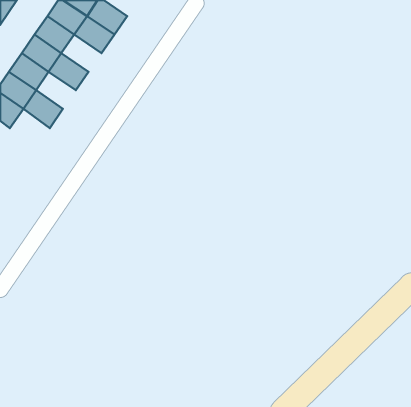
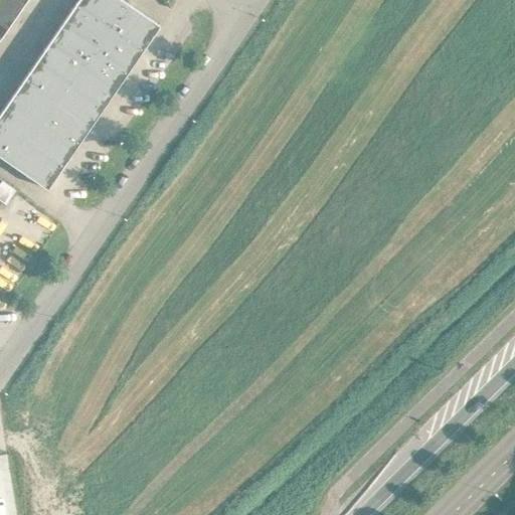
building: none -> [77,49,128,96]
building: none -> [46,96,96,142]
building: none -> [13,142,63,189]

